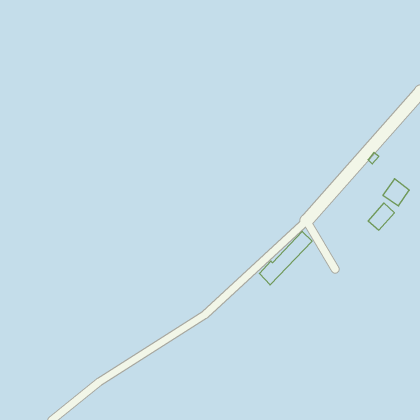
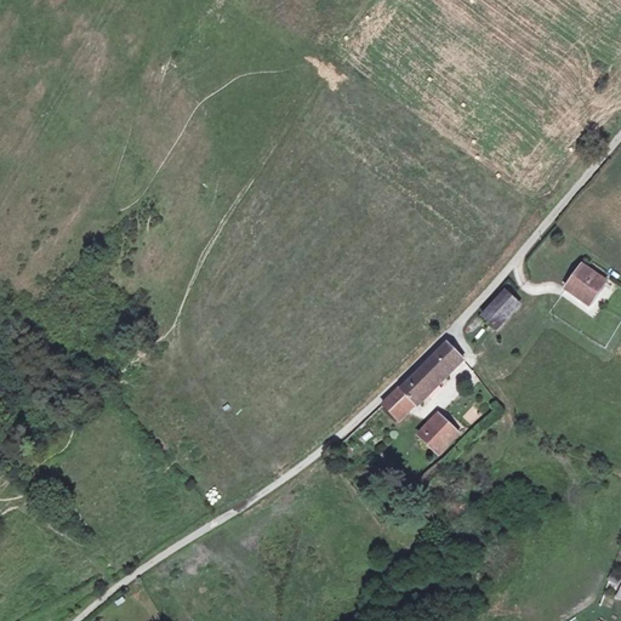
building: [368,203,394,230] -> [482,287,520,327]
building: none -> [420,414,460,454]

